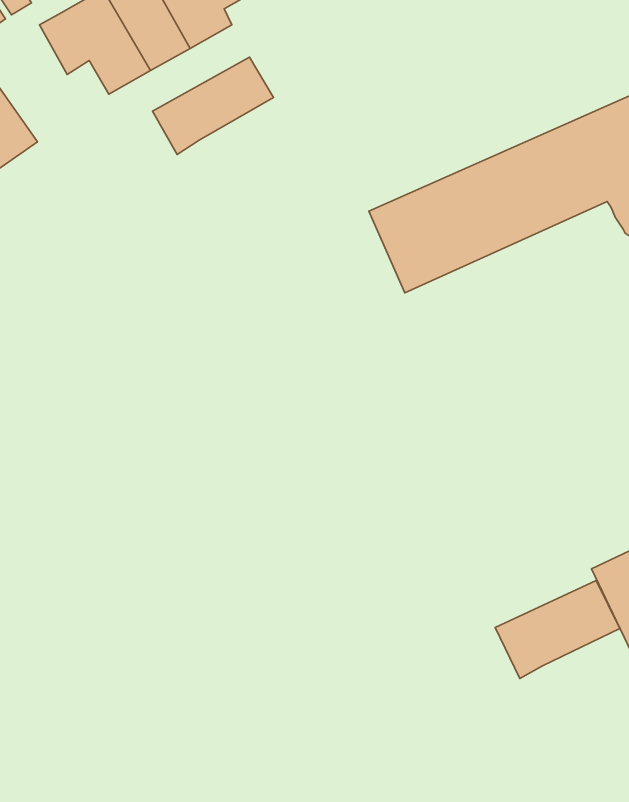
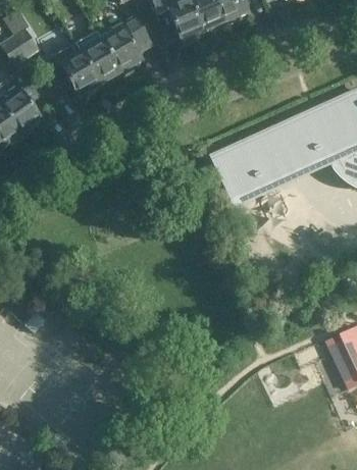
building: [153,57,273,154] -> none
building: [495,581,620,679] -> none

